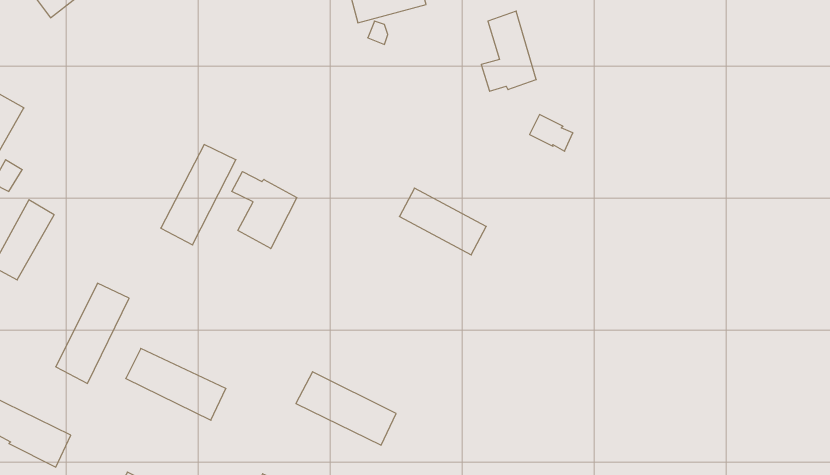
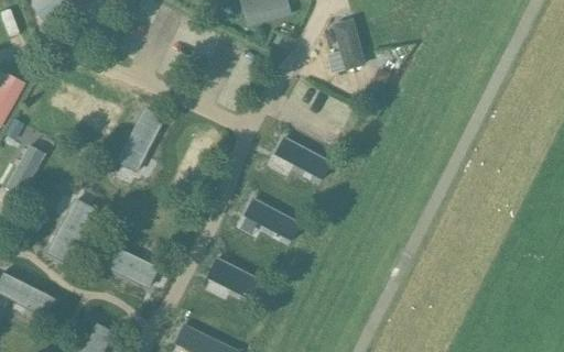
building: [232,172,297,249] -> none
building: none -> [242,198,301,242]

